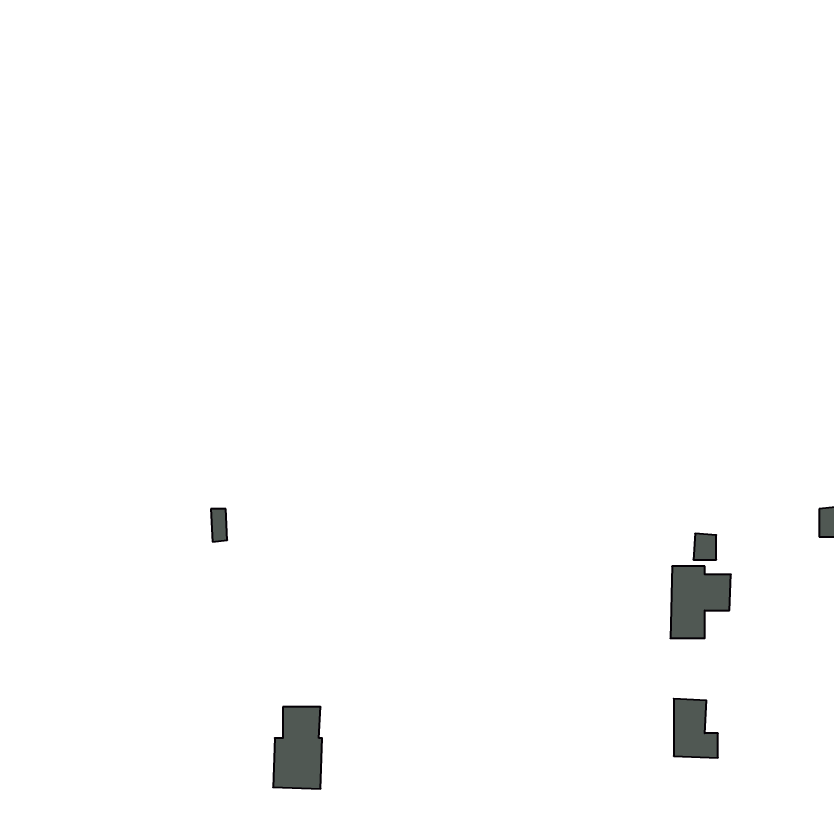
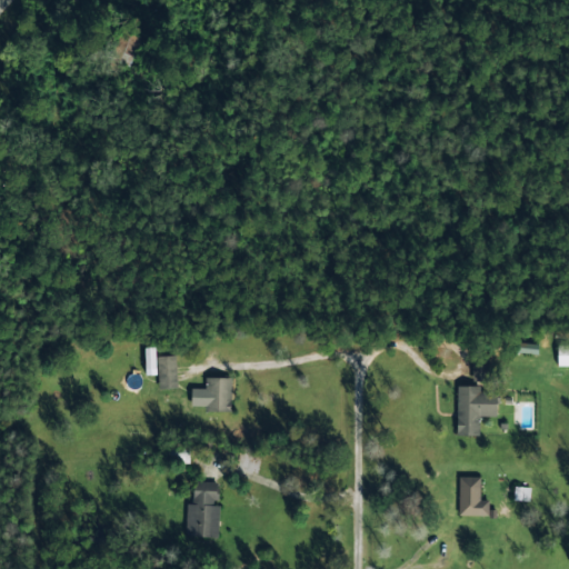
building: none -> [158,357,177,390]
building: none -> [191,378,232,411]

